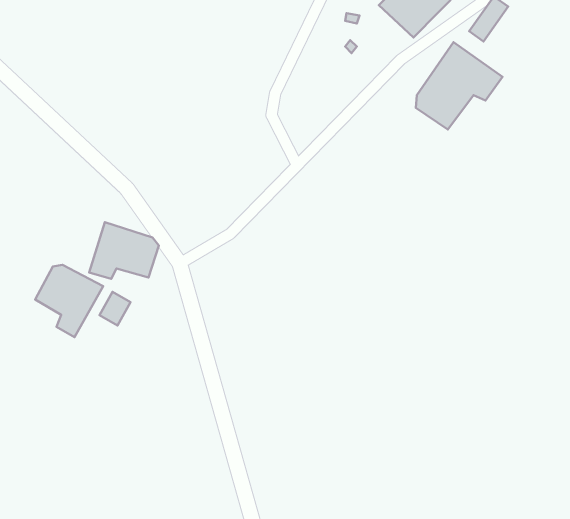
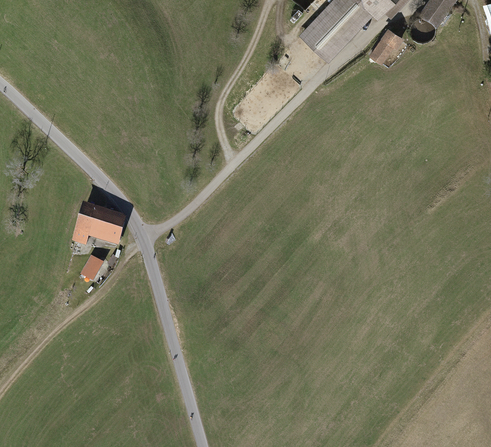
building: [416,42,503,130] -> none
building: [35,265,103,337] -> none

